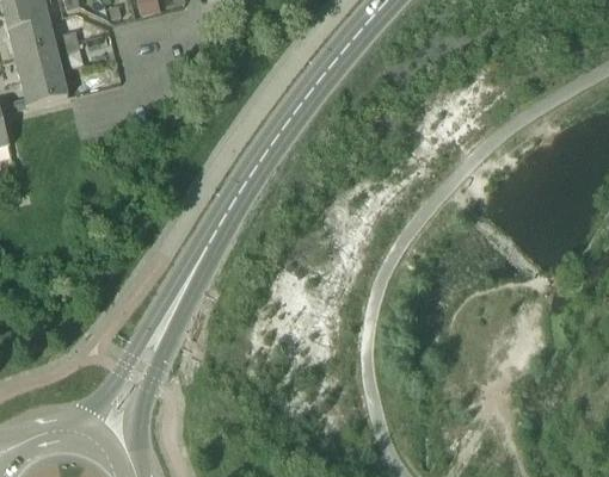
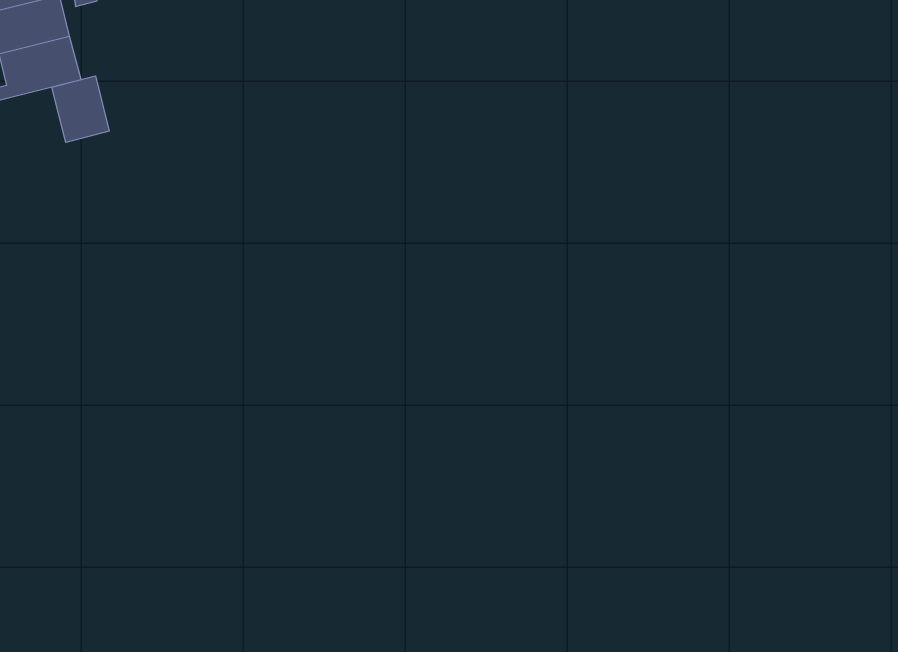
building: none -> [52,76,109,142]

